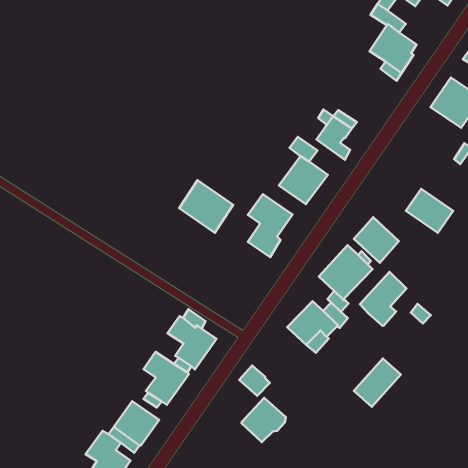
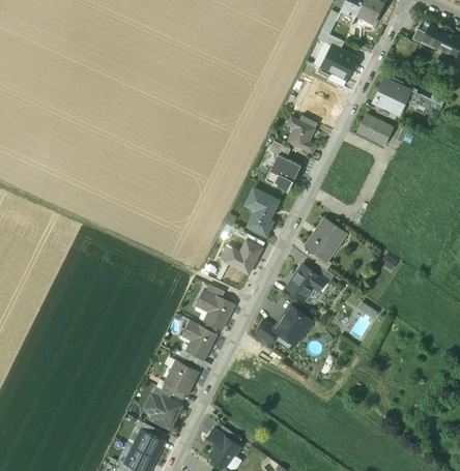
building: [179,180,233,233] -> none
building: [406,189,453,233] -> [357,113,394,145]
building: [354,217,399,263] -> none
building: none -> [225,239,261,273]
building: [360,272,406,326] -> none
building: [242,398,286,442] -> [276,306,309,341]

